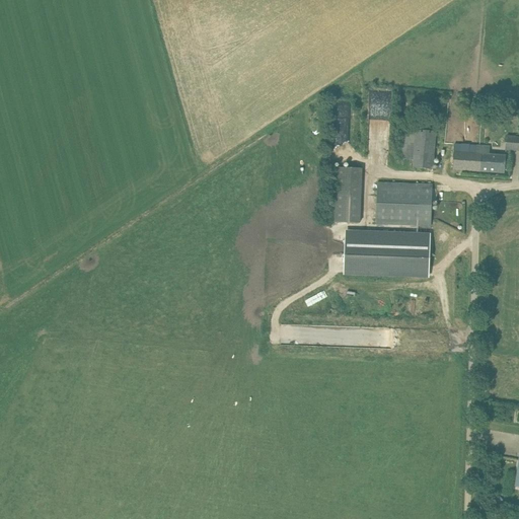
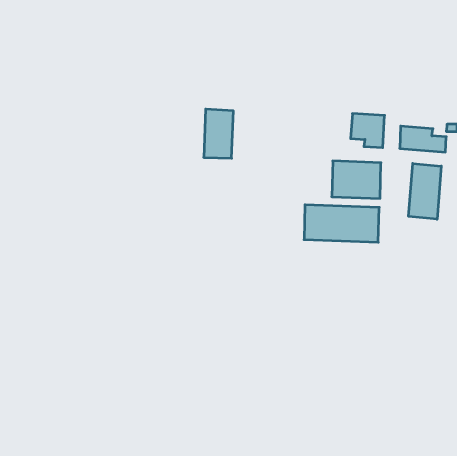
building: [329,167,363,223] -> [204,109,233,158]
building: none -> [409,163,441,219]

